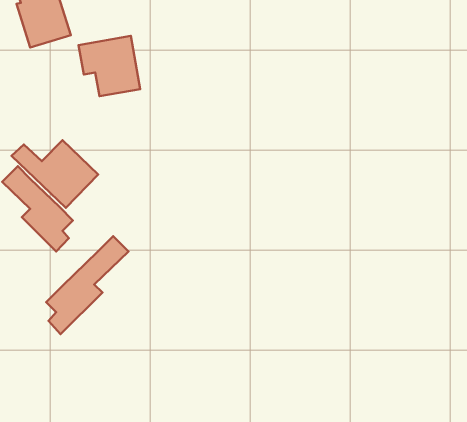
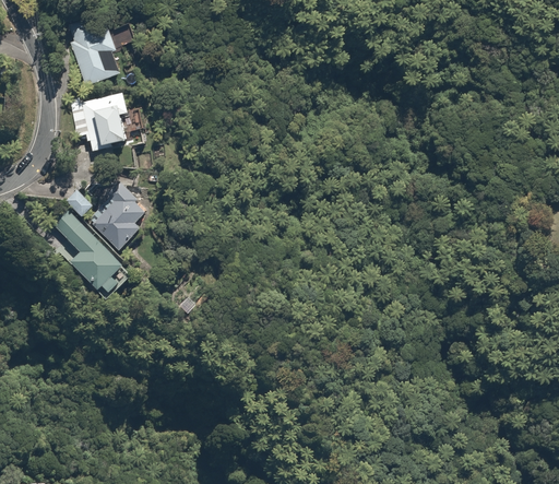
building: [79,36,140,96] -> [63,90,128,153]
building: [46,236,128,334] -> none

